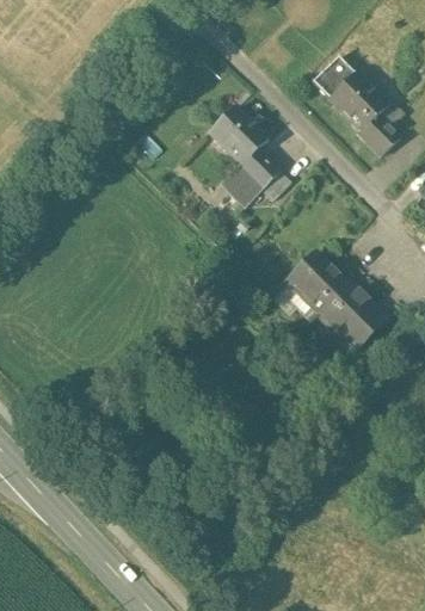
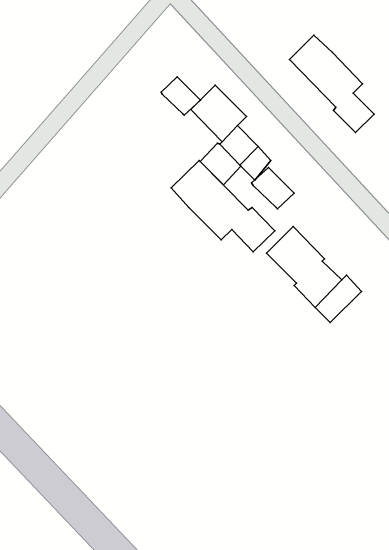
building: none -> [161,77,200,115]
building: none -> [171,161,275,252]
building: none -> [252,167,294,209]

